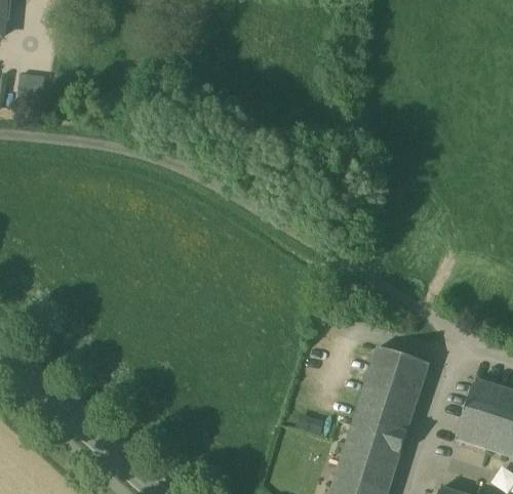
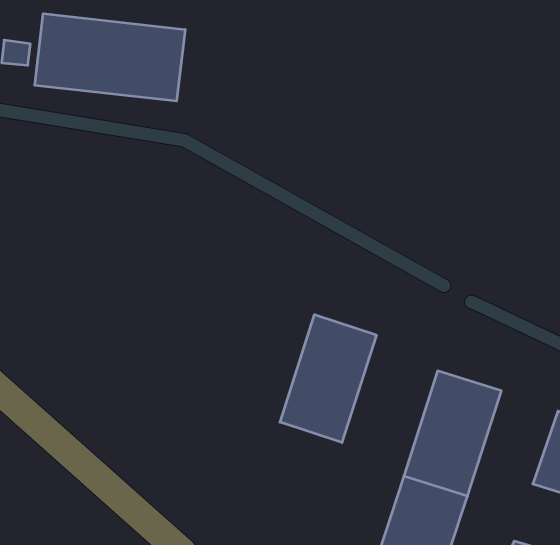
building: none -> [35,14,185,101]
building: none -> [280,315,376,443]

